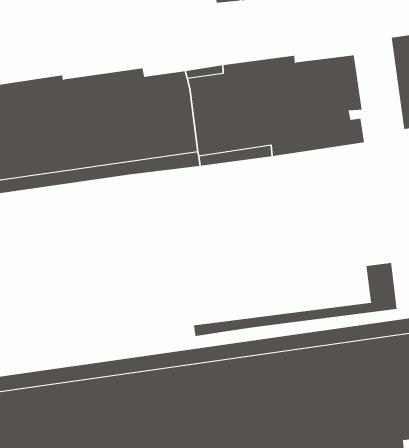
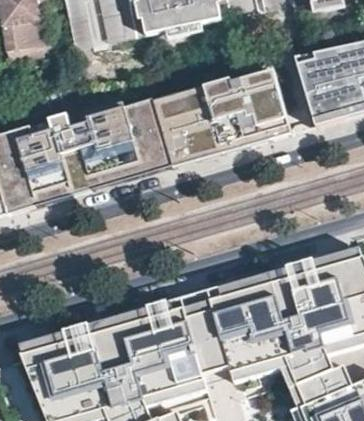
building: [194,262,397,337] -> none

